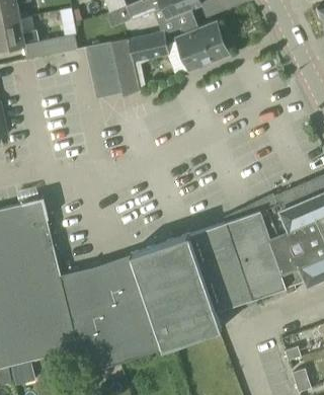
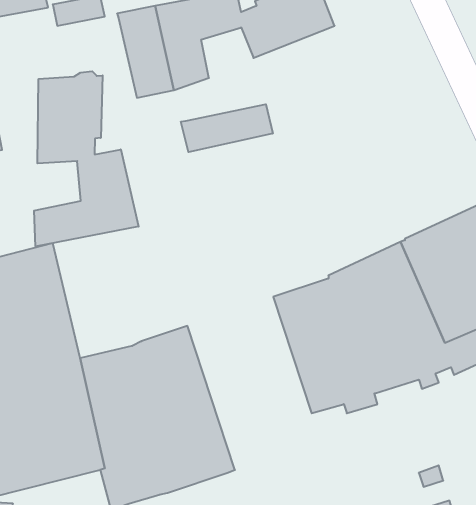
building: none -> [34,71,139,247]
building: none -> [181,104,273,152]
building: [132,234,221,348] -> none

